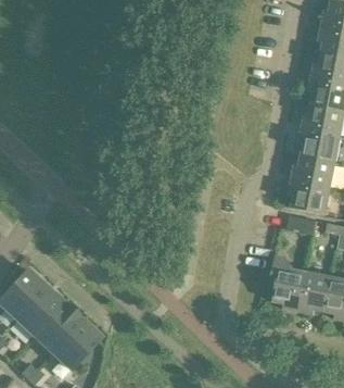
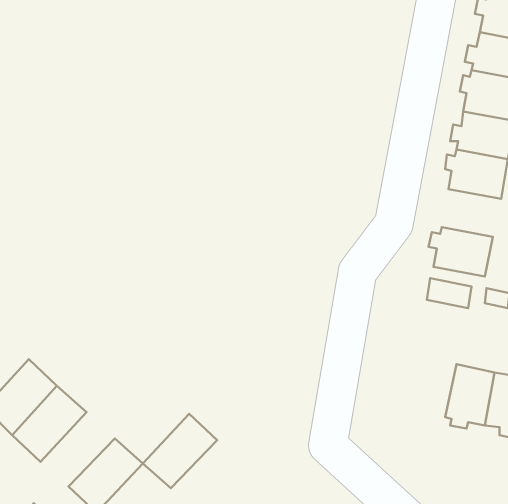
building: [292,155,335,187] -> none
building: [267,253,306,309] -> none
building: [33,302,81,351] -> [143,414,217,488]

